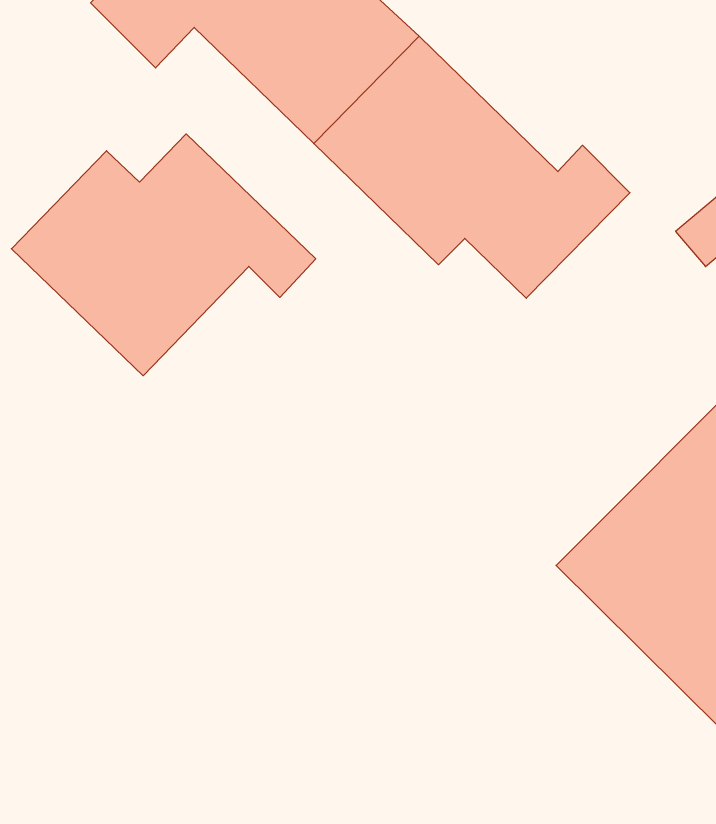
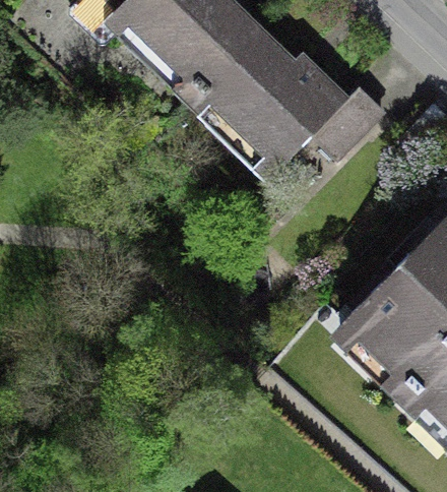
building: [11,134,316,376] -> none

